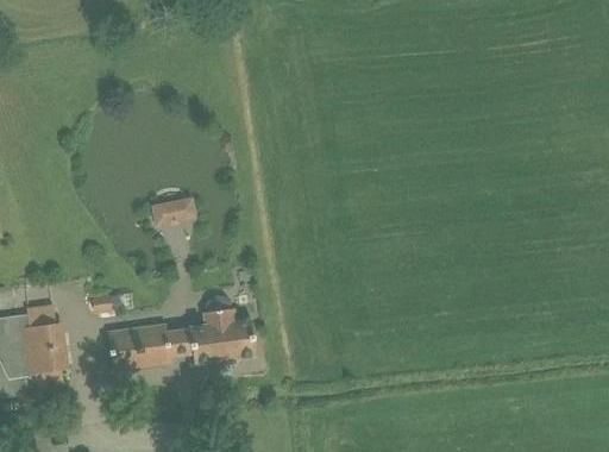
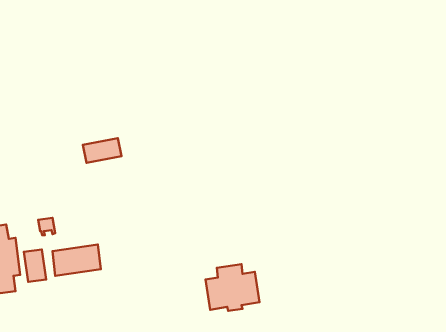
building: [187,303,255,362] -> [205,264,259,311]
building: none -> [24,250,46,282]

